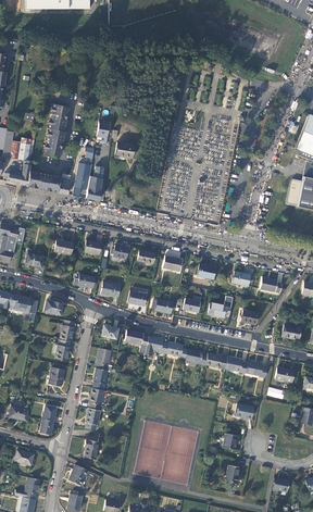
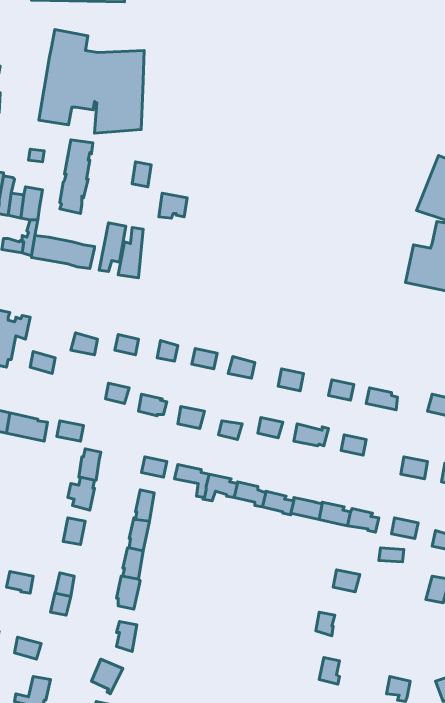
building: none -> [39,30,144,133]

